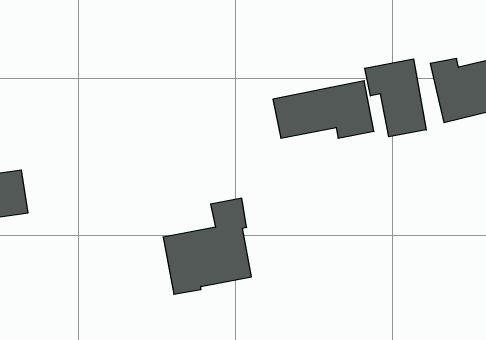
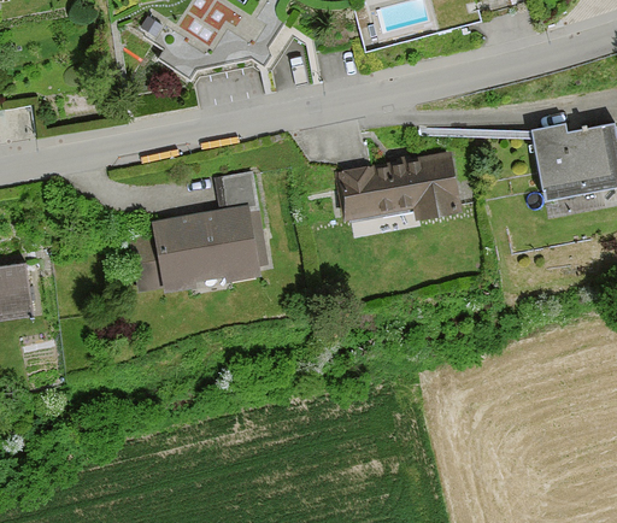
building: [365,59,426,137] -> none
building: [163,198,251,294] -> [151,172,260,292]

